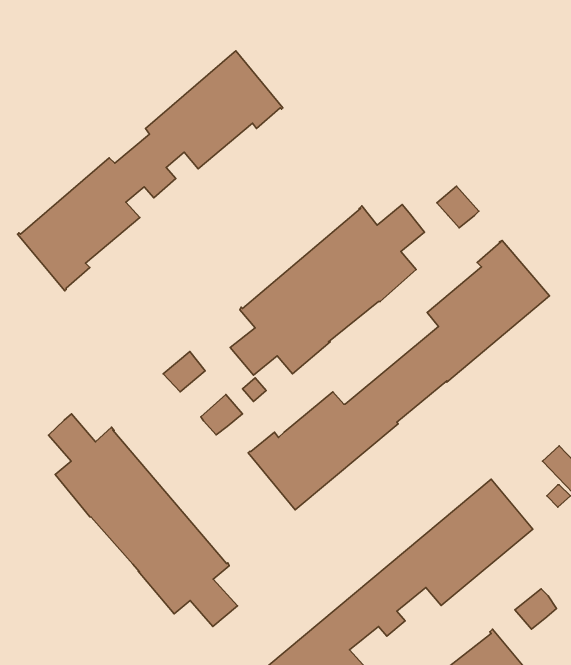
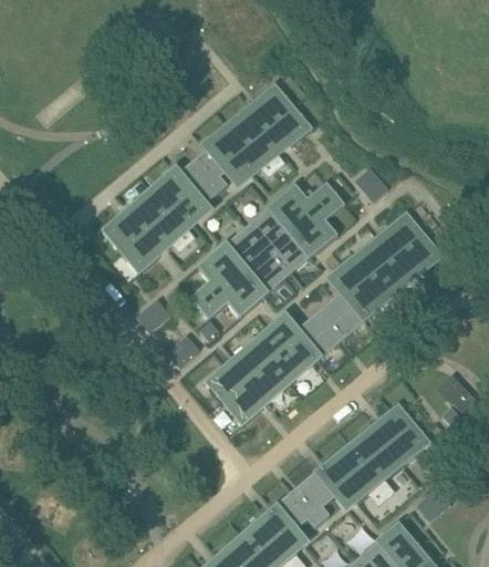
building: [18,51,283,291] -> [101,83,312,275]
building: [48,414,237,627] -> none

